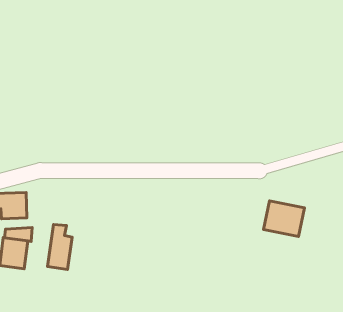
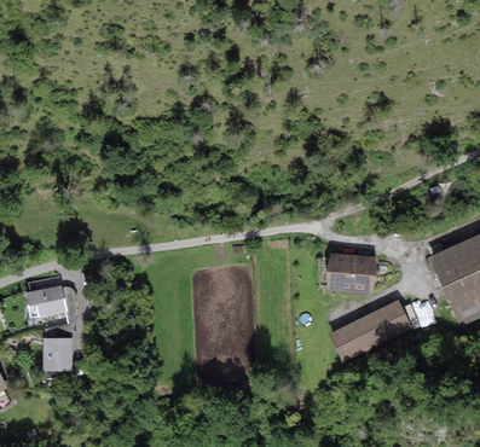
building: [48,224,72,269] -> none
building: none -> [332,302,409,359]

